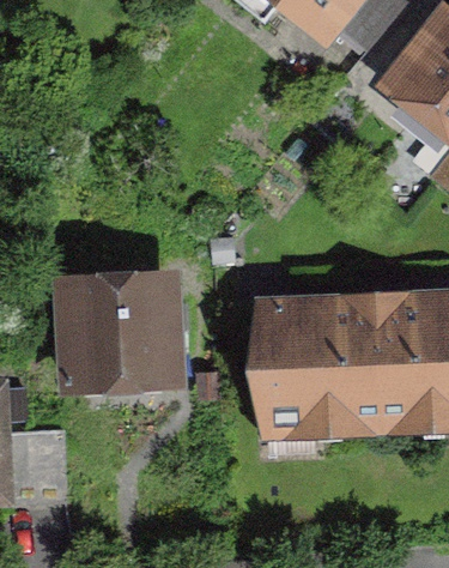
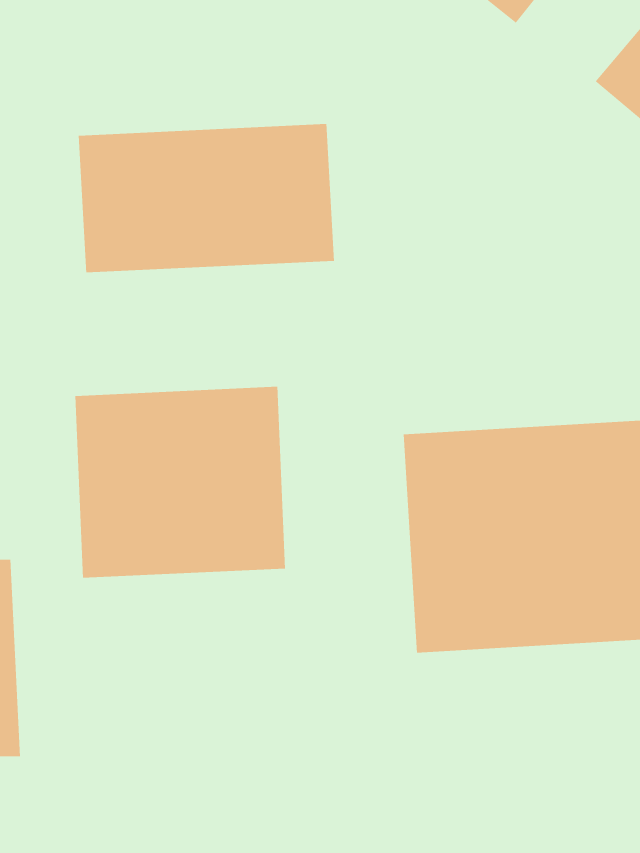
building: none -> [78,123,334,273]

